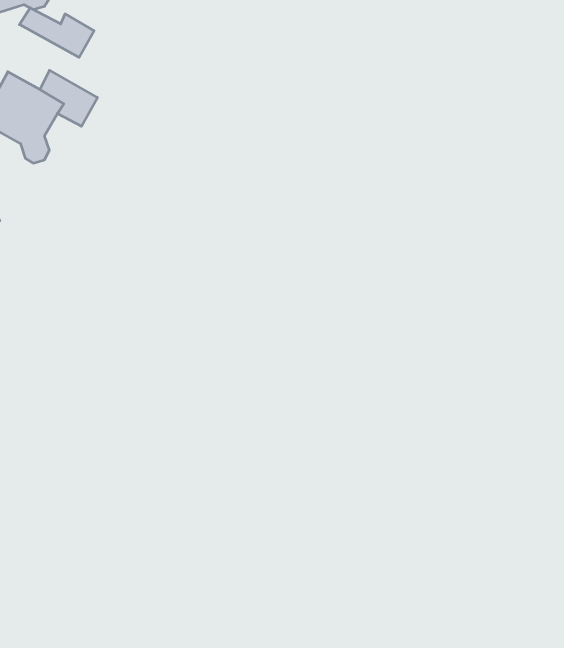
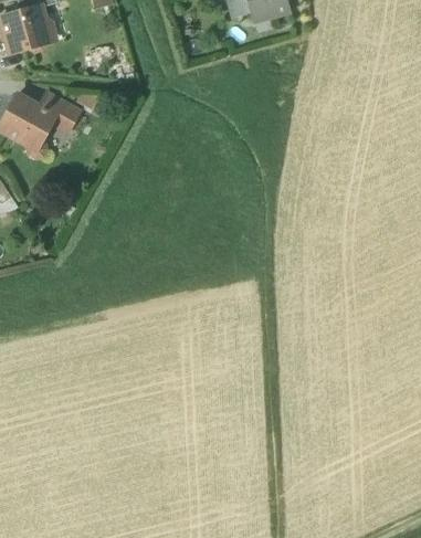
building: [19,8,94,57] -> none

